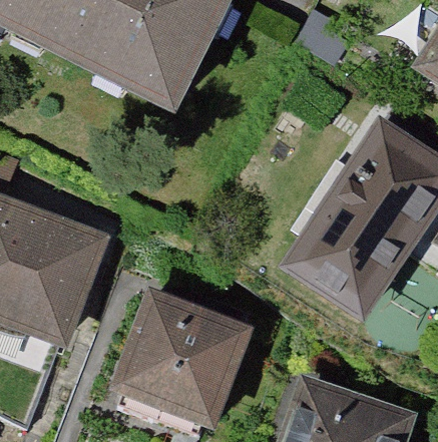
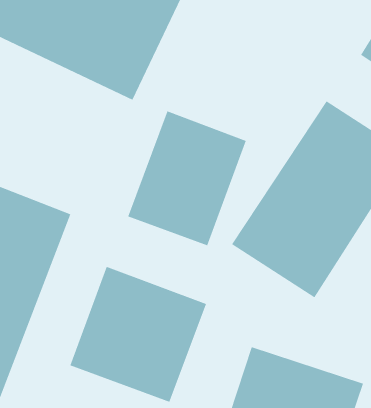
building: none -> [127,111,246,246]

